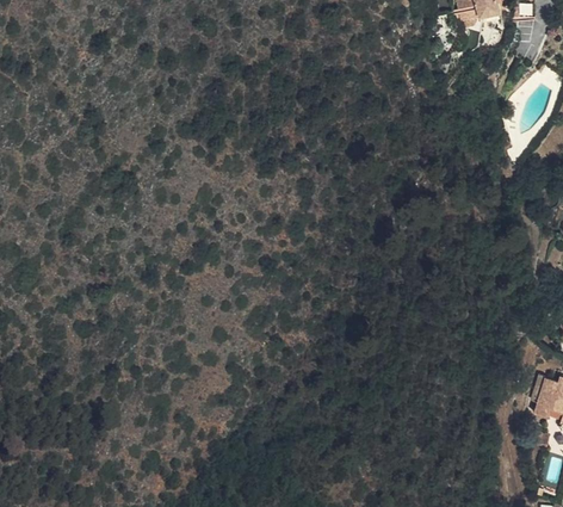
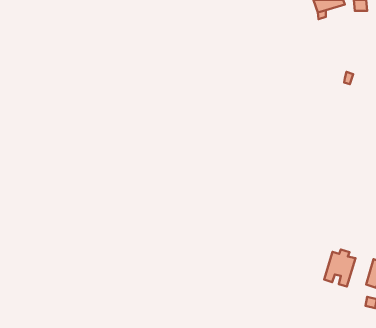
building: none -> [324,250,356,286]

